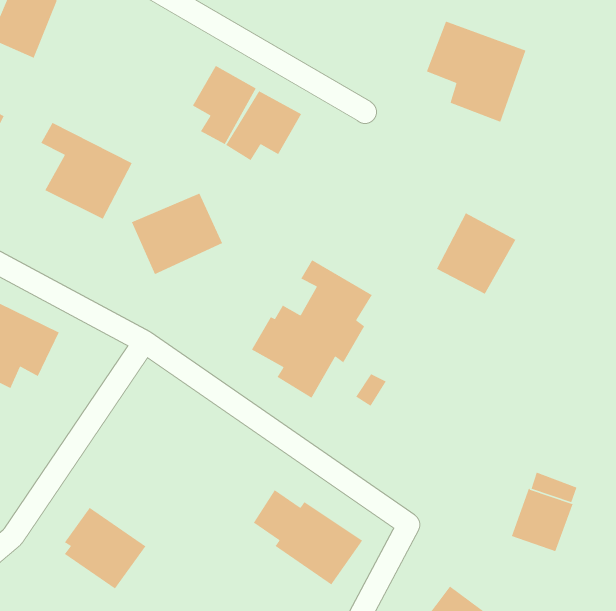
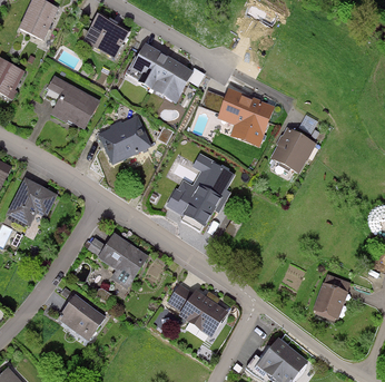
building: none -> [83,13,129,59]
building: [426,21,526,123] -> [217,89,274,147]
building: none -> [87,234,149,290]

